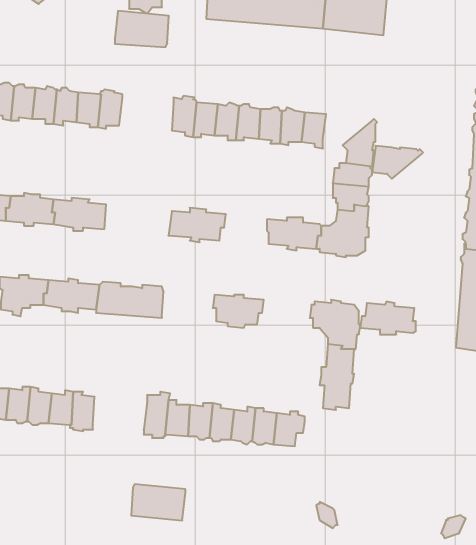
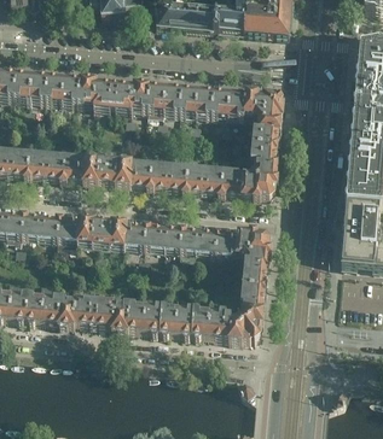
building: [115,11,169,47] -> [93,82,133,109]
building: [372,146,423,179] -> [243,93,280,117]
building: none -> [82,159,132,186]
building: none -> [167,166,203,191]
building: none -> [124,223,164,247]
building: [360,302,416,334] -> [195,229,236,253]
building: none -> [222,309,263,341]
building: [131,484,185,520] -> [74,299,114,326]

